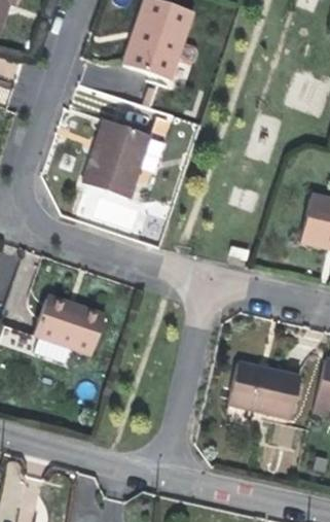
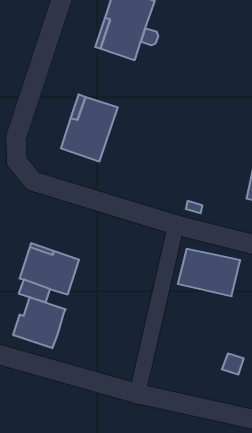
building: none -> [13,297,66,348]
building: [228,361,301,417] -> [178,249,240,296]

